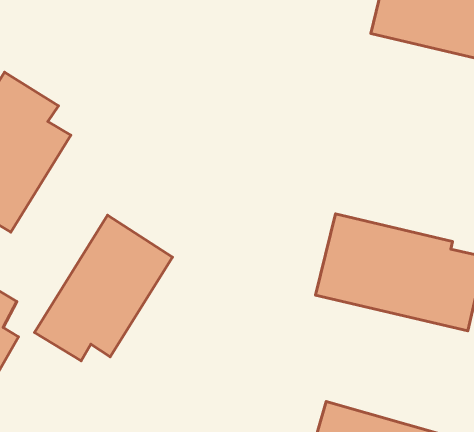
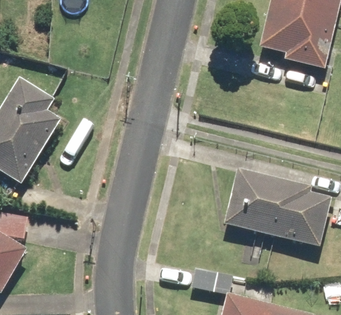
building: [35,215,172,361] -> none

